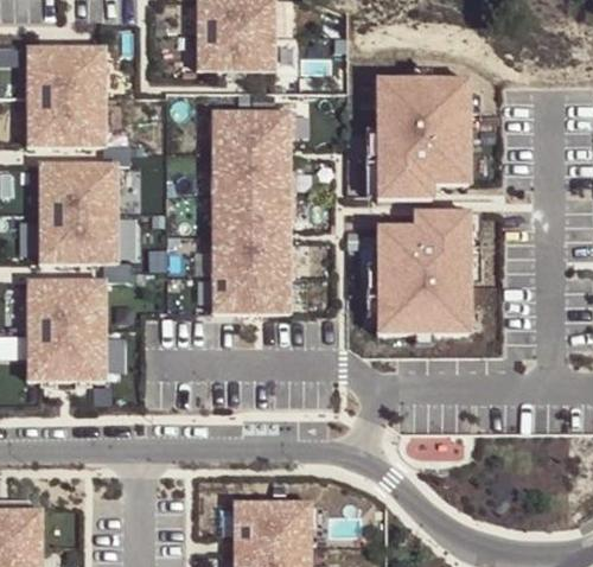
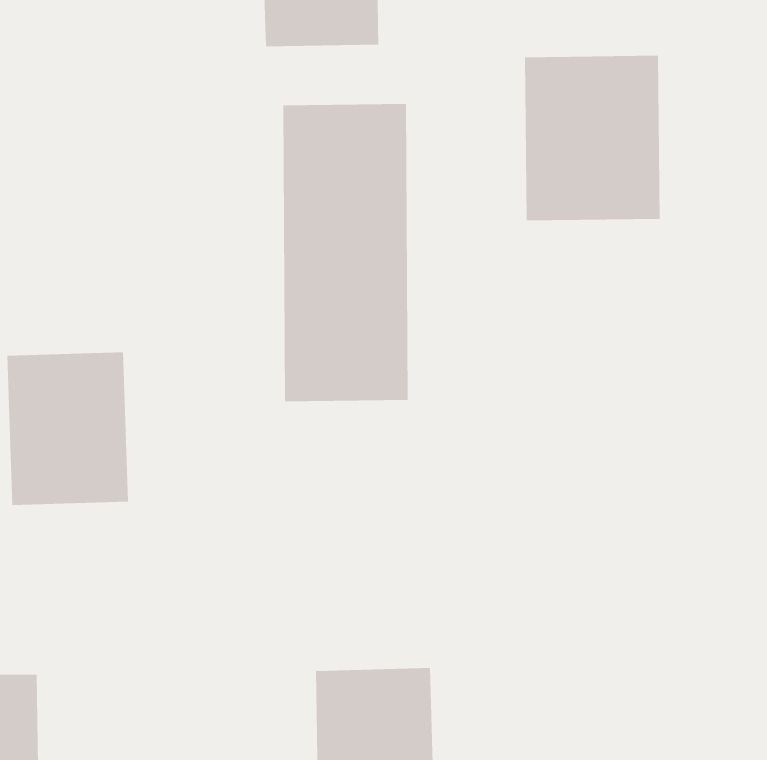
building: [23,43,104,147] -> none
building: [38,160,119,265] -> none
building: [375,215,472,338] -> none

